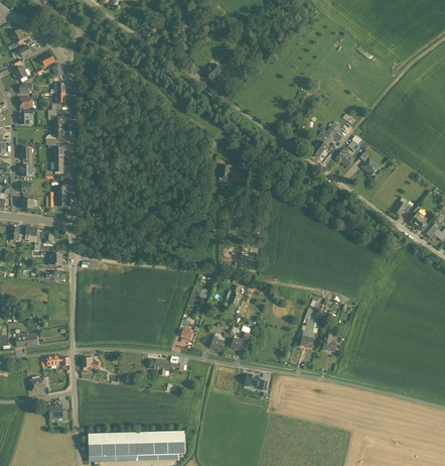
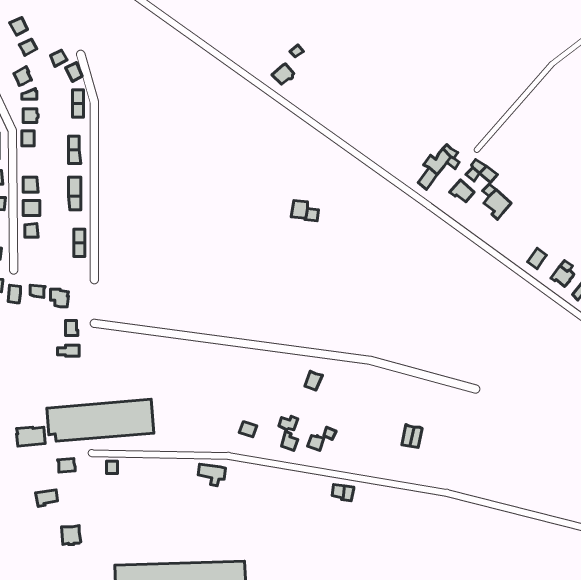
building: none -> [47,399,154,441]

